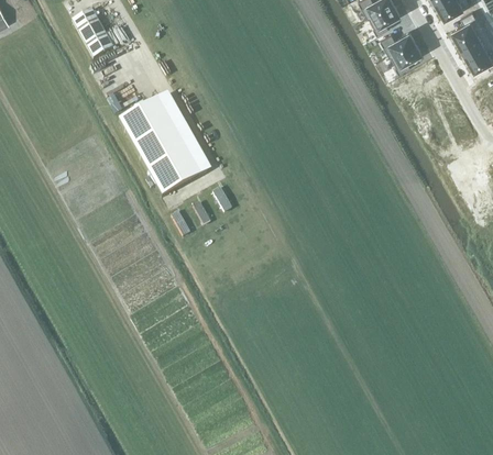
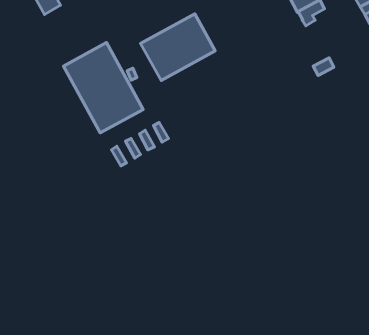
building: none -> [141,14,215,80]

